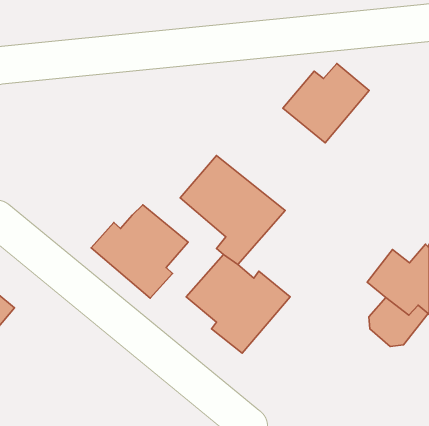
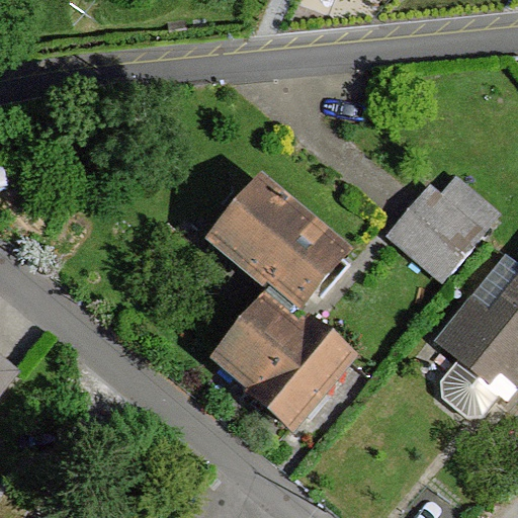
building: [283,63,369,143] -> [392,179,495,274]
building: [91,205,188,298] -> none

